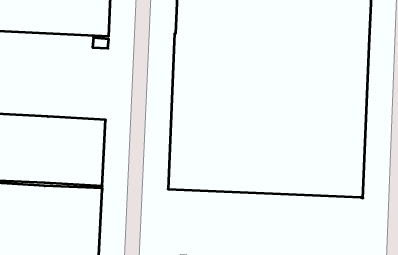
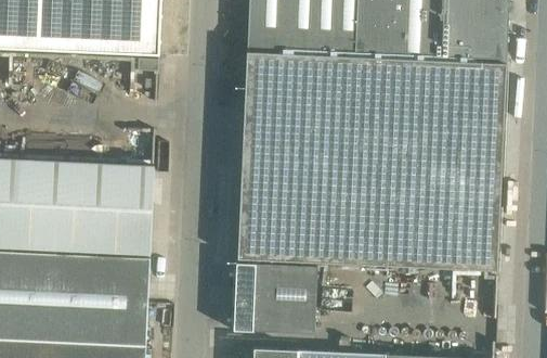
building: none -> [233,264,317,334]

